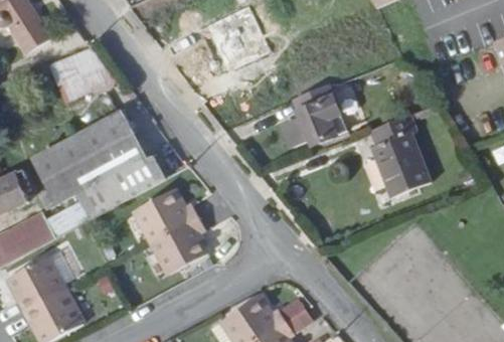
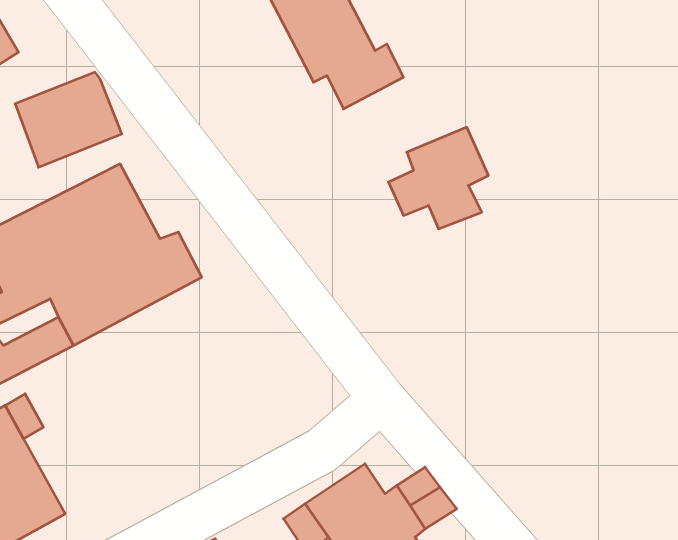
building: [357,114,425,195] -> none
building: [126,188,203,282] -> none

